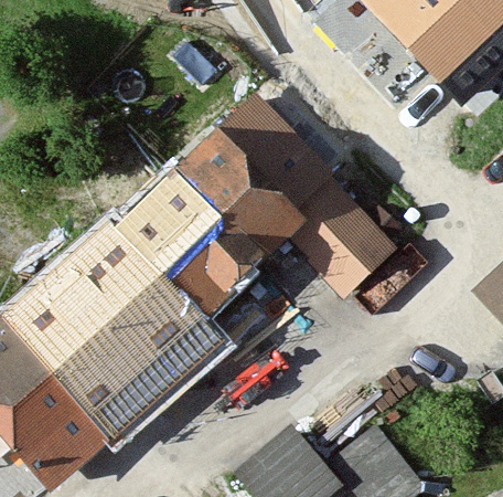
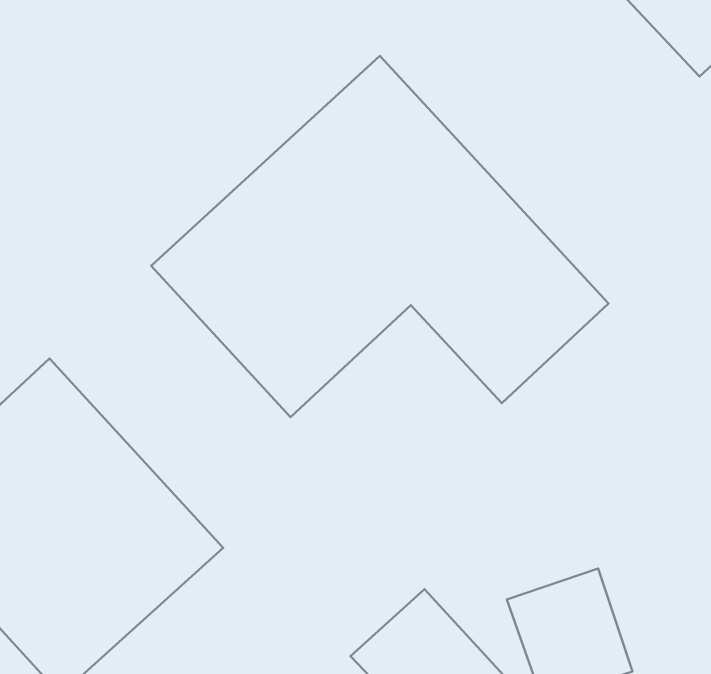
building: [44,223,221,404] -> none

